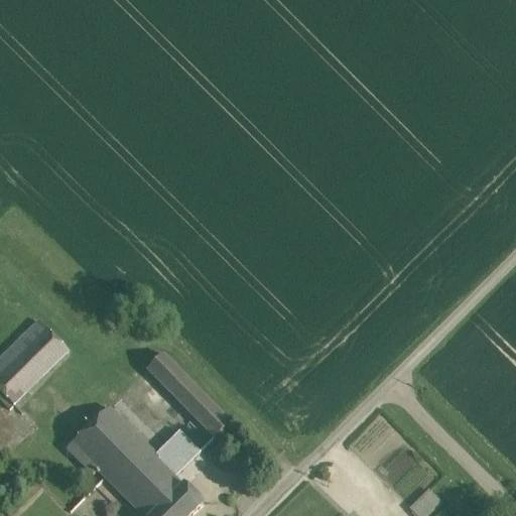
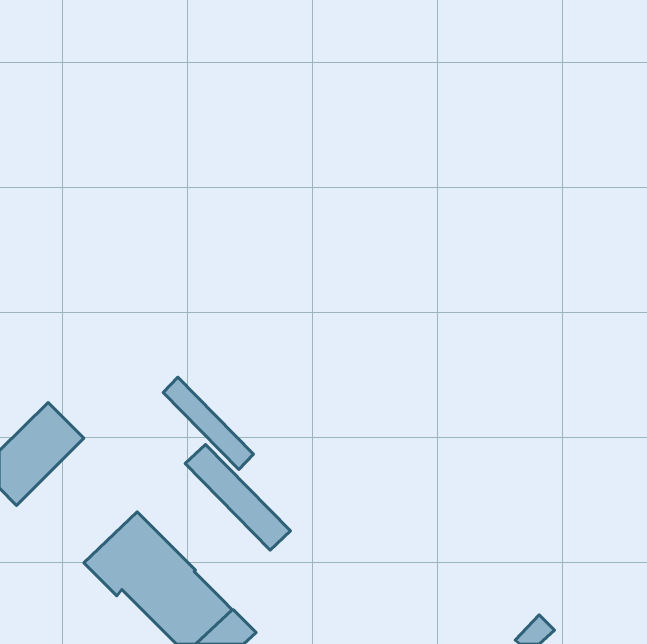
building: none -> [163,377,254,470]
building: [154,429,201,476] -> none

